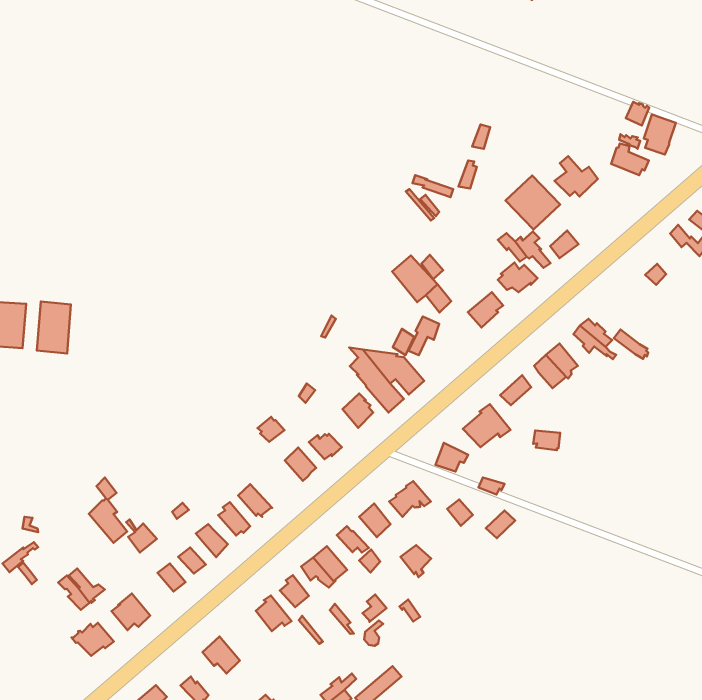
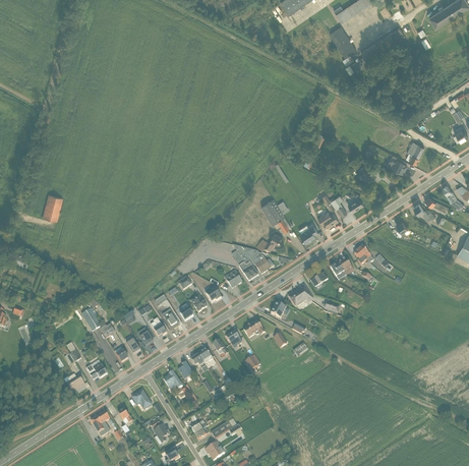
building: [506,176,560,229] -> none
building: [37,301,71,353] -> none

